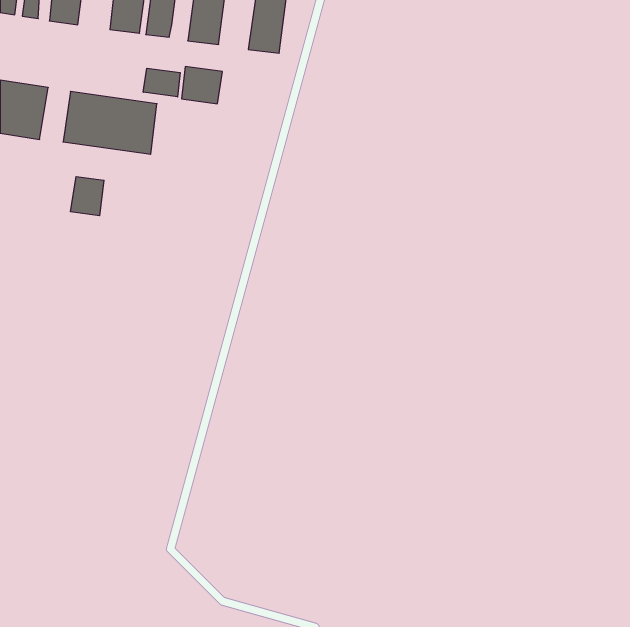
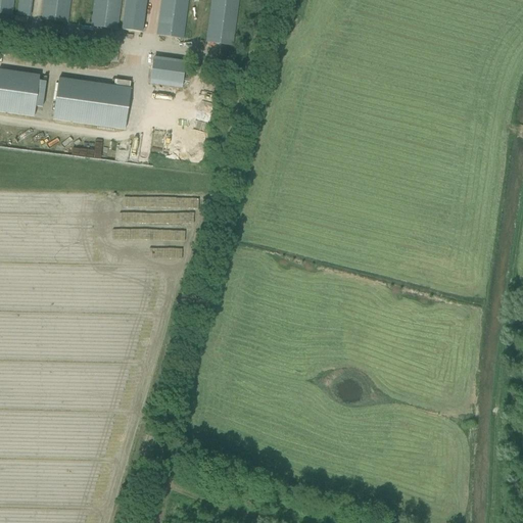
building: [143,68,180,97] -> none
building: [71,177,104,216] -> none

